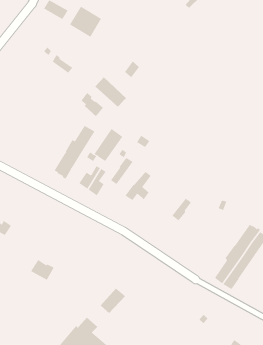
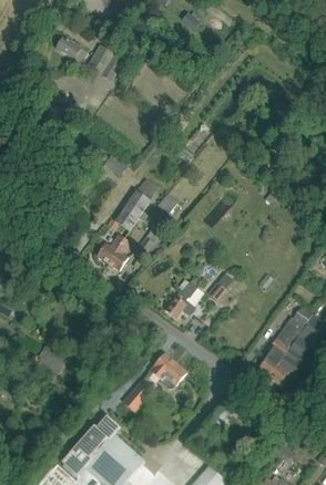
building: [95,77,127,107] -> none
building: [54,125,95,179] -> none
building: [125,171,152,201] -> [165,281,197,317]
building: none -> [150,353,186,389]

